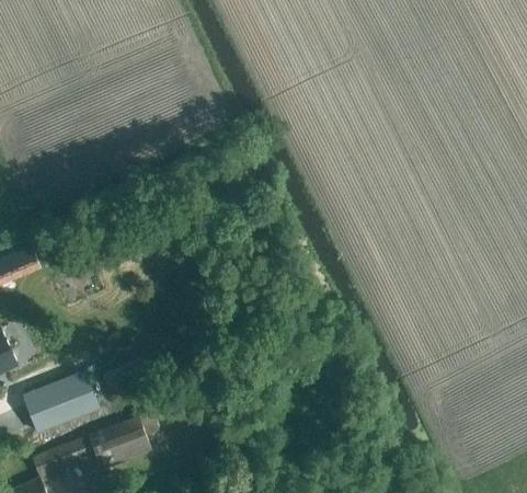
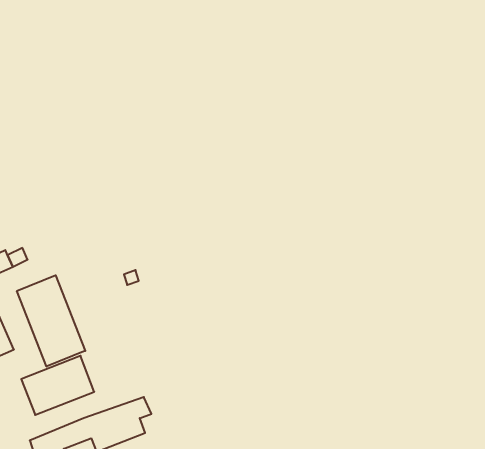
building: none -> [17,275,85,367]

